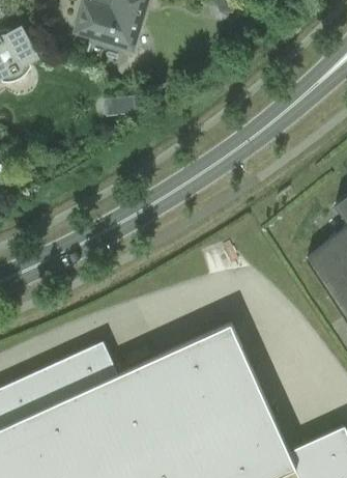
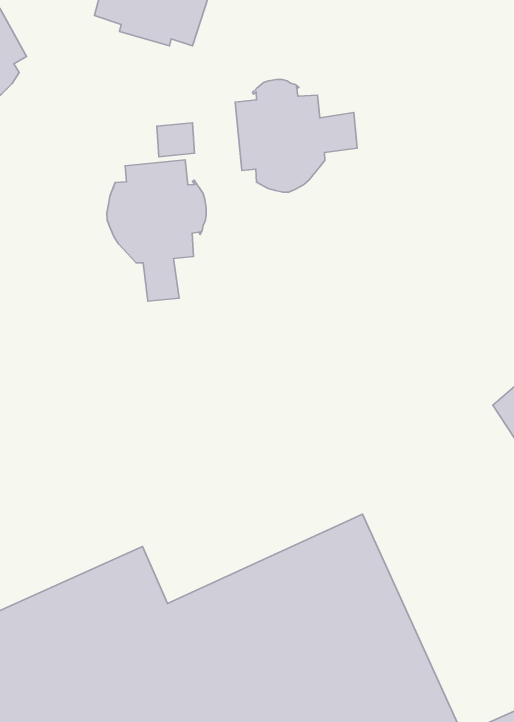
building: none -> [235,80,357,192]
building: none -> [107,160,206,301]

